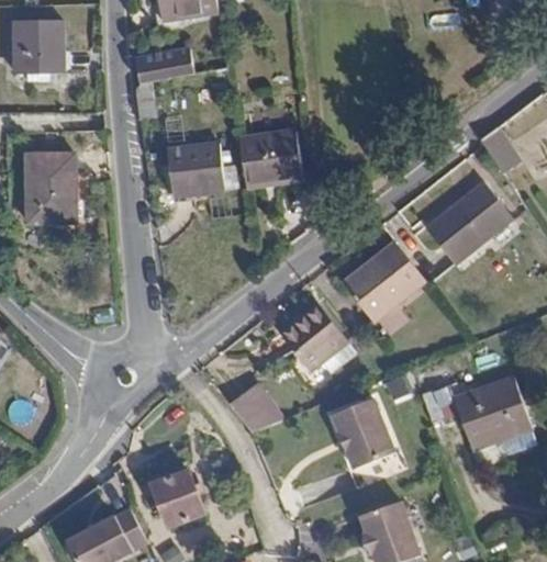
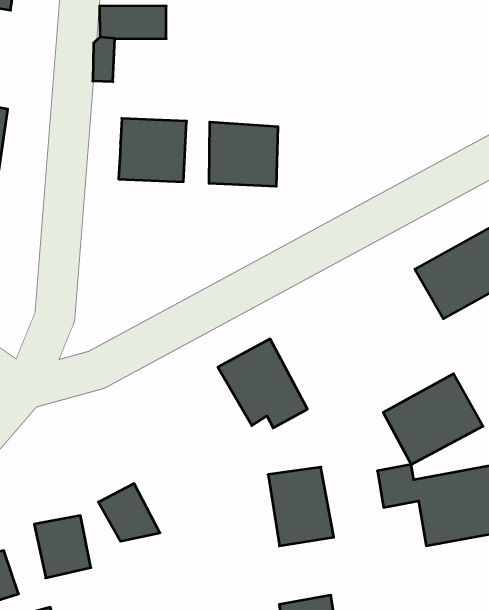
building: [343,241,425,321] -> [383,374,483,465]
building: [228,383,282,431] -> [98,484,160,541]

